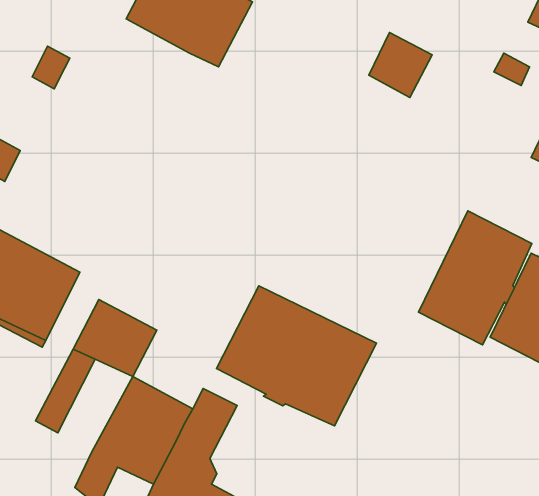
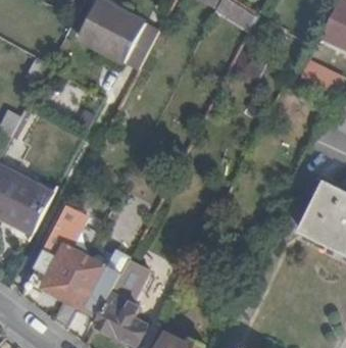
building: [419,211,532,345] -> none
building: [217,286,377,426] -> none
building: none -> [41,243,86,298]

